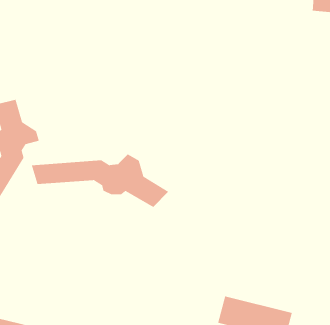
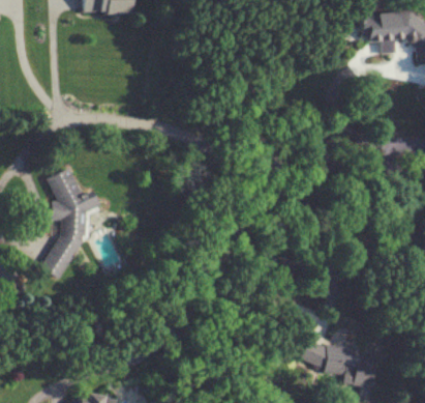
building: [31,153,169,208] -> none

